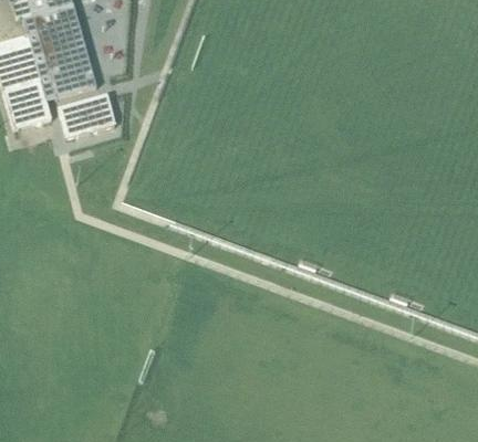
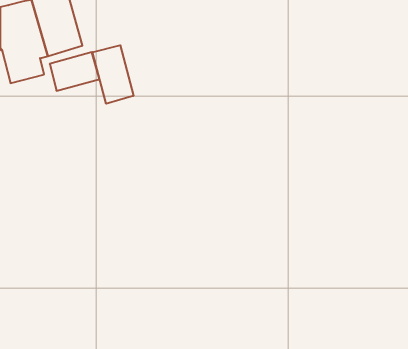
building: none -> [92,45,133,104]

